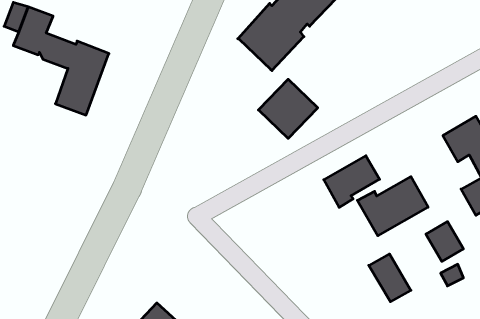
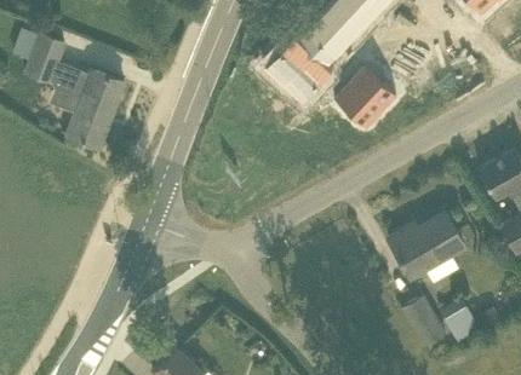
building: [258,79,318,138] -> [333,65,396,128]
building: [324,156,380,207] -> none
building: [426,222,463,261] -> [440,301,480,344]

